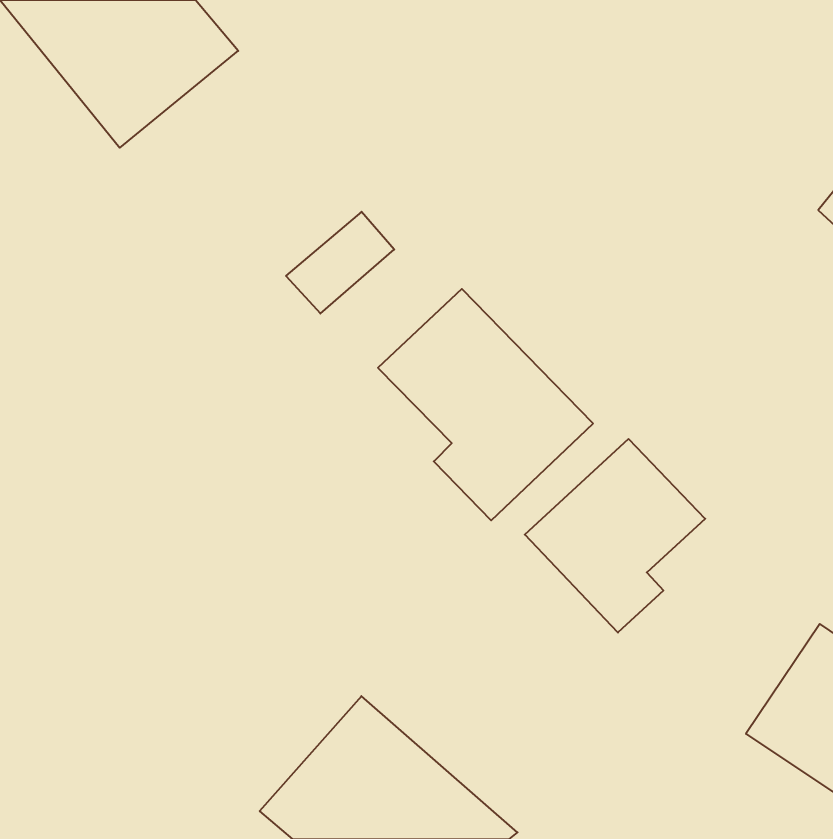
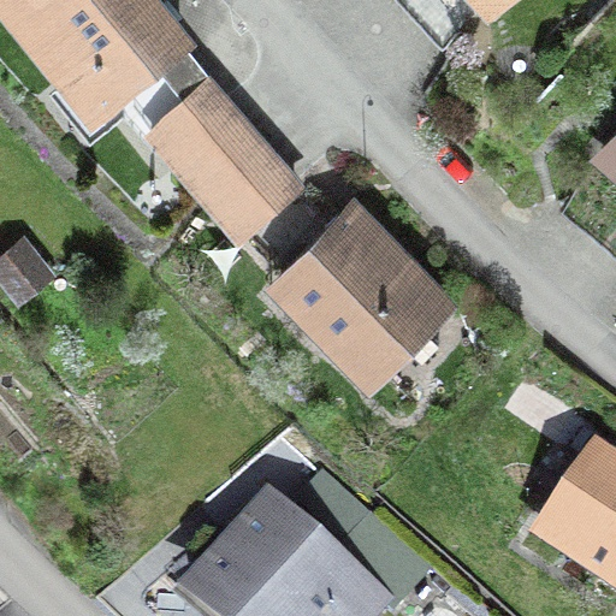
building: none -> [168,60,270,202]
building: [525,439,705,633] -> none

